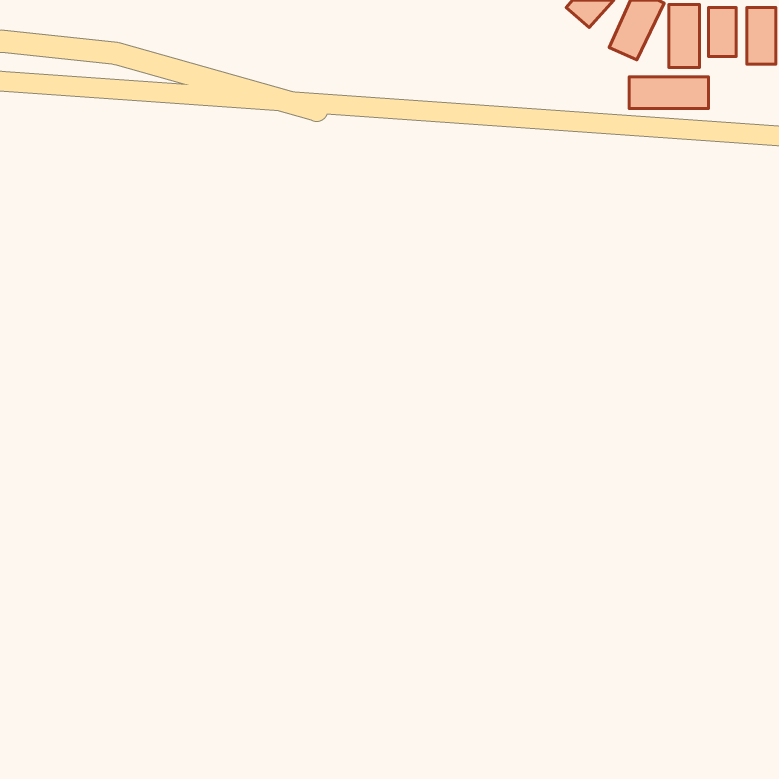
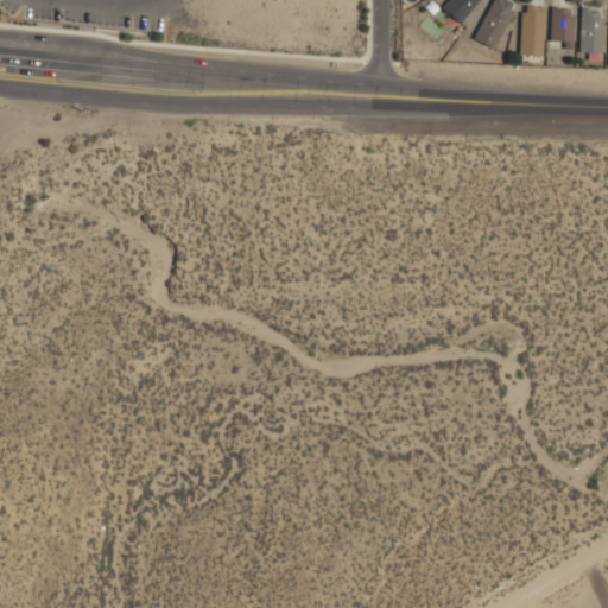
building: [629,77,708,109] -> none

